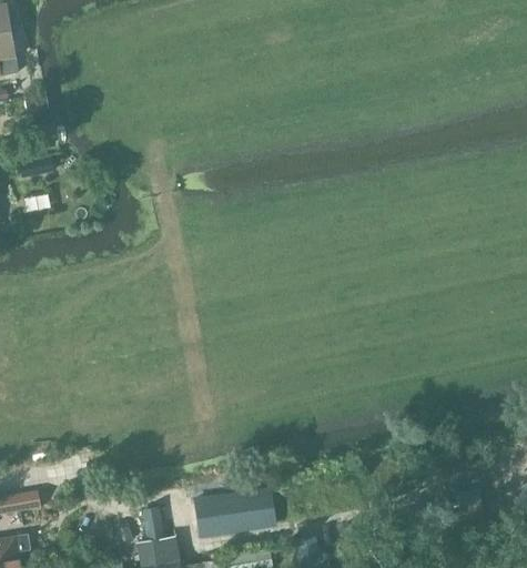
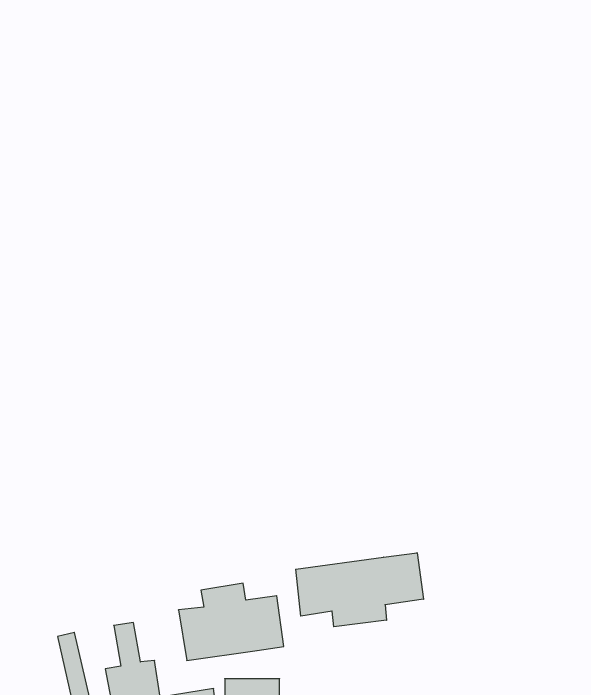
building: none -> [296,553,424,627]

